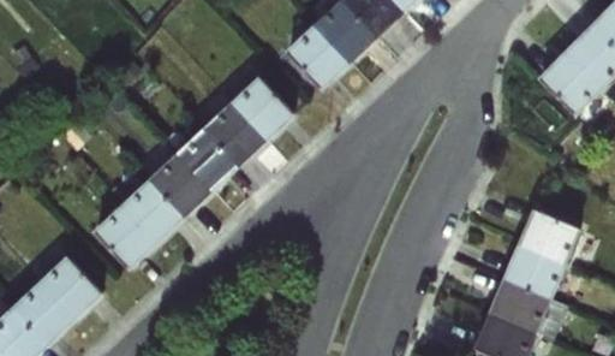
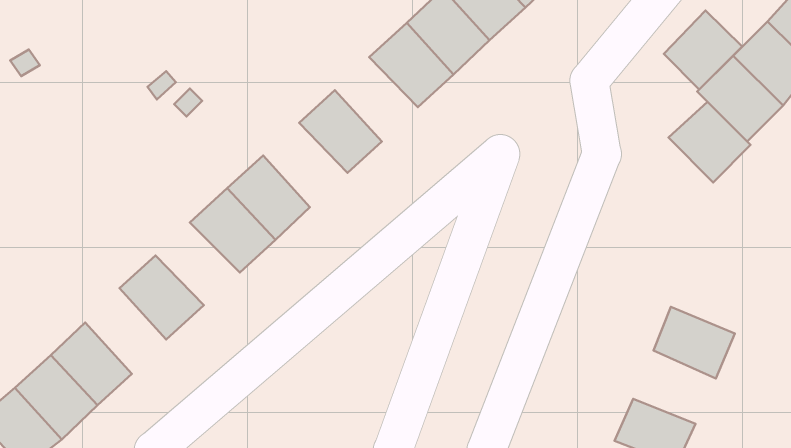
building: none -> [664,11,742,90]
building: none -> [668,102,750,182]
building: [203,102,268,167] -> none
building: [120,179,185,243] -> none
building: [517,208,581,265] -> none
building: [488,278,551,334] -> none

